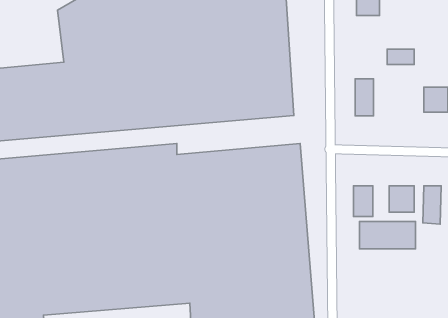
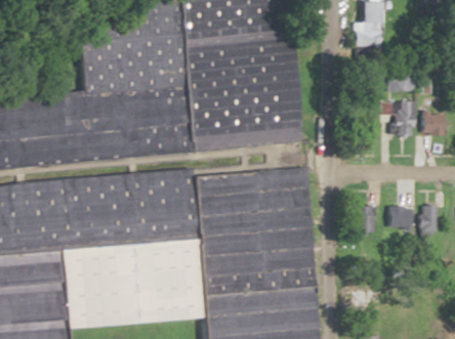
building: [355,79,374,116] -> [400,103,417,138]
building: [360,221,416,249] -> none

